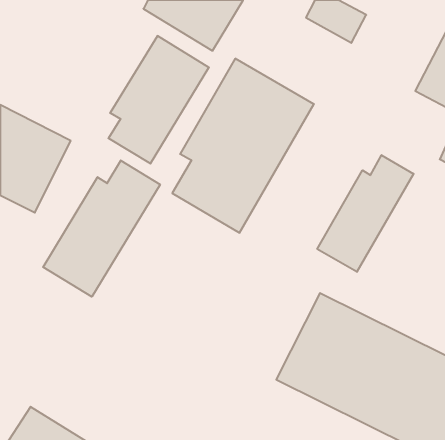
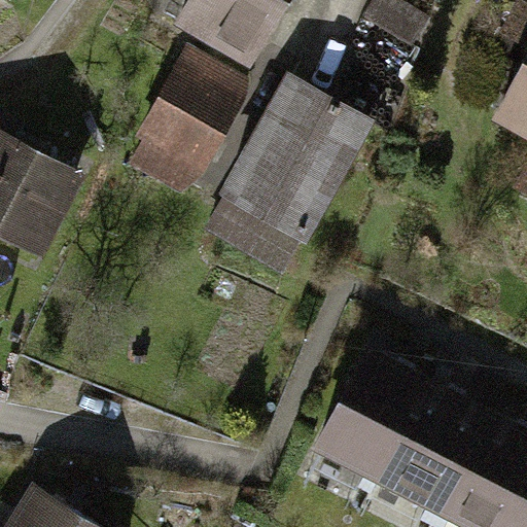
building: [317,155,414,272] -> none
building: [43,160,160,297] -> none

